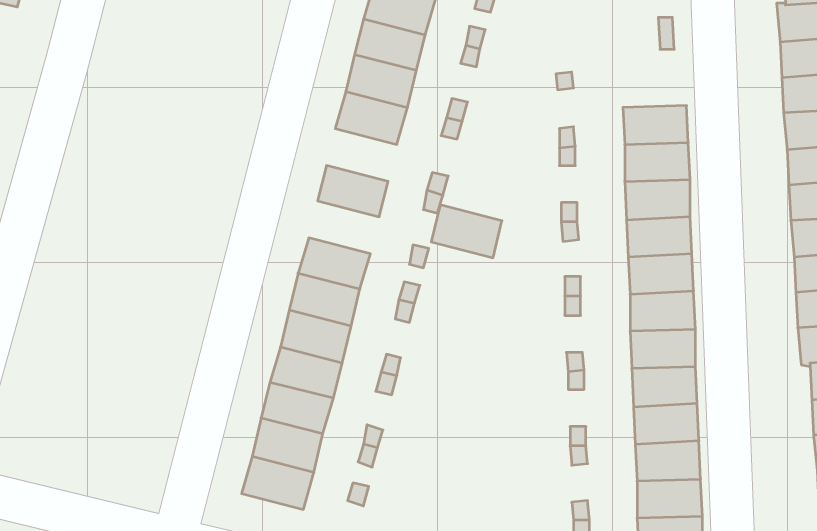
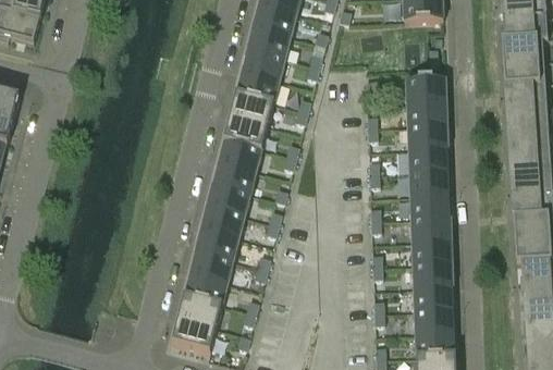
building: none -> [405,77,445,103]
building: none -> [223,116,267,149]
building: [431,205,502,258] -> [212,161,256,194]

